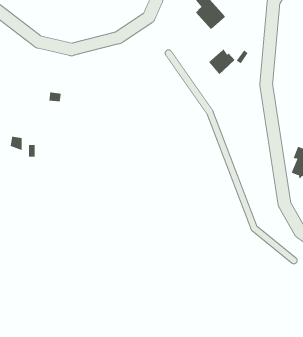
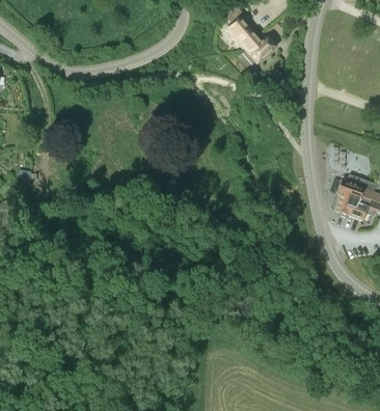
building: [208,48,236,75] -> [245,32,276,62]

